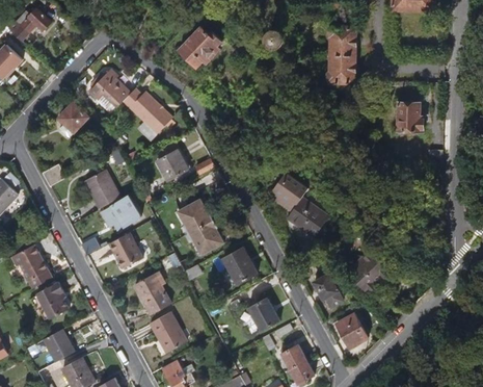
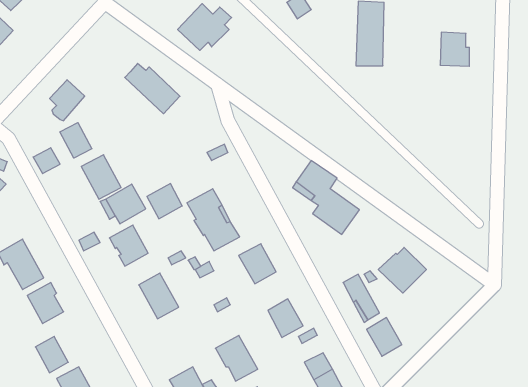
building: [87,72,128,105] -> none
building: [393,107,419,137] -> [440,32,469,66]
building: none -> [60,123,92,158]
building: [157,148,188,179] -> [147,184,182,219]
building: [151,310,188,351] -> [215,335,258,381]

